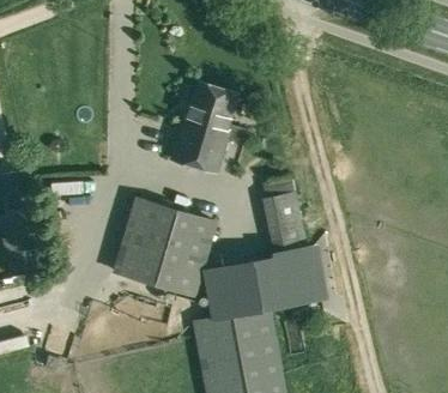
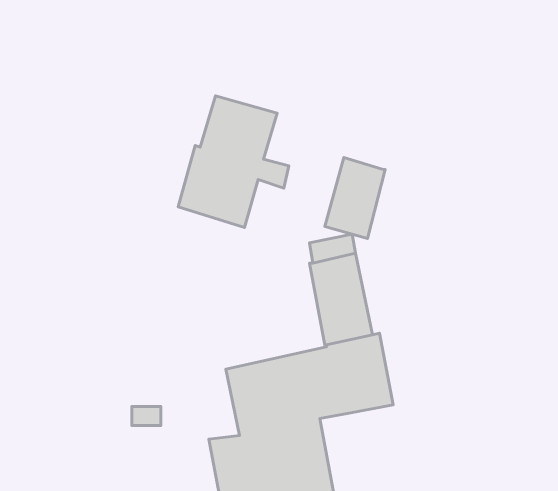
building: none -> [325,158,385,239]
building: [113,199,216,294] -> none

